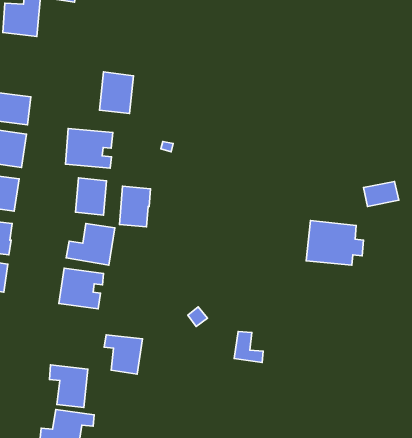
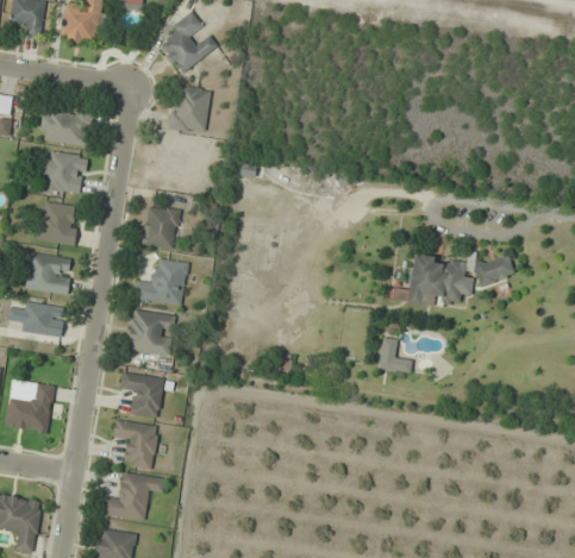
building: none -> [156,12,218,74]
building: [66,128,113,168] -> none
building: [363,181,399,206] -> [474,256,514,284]
building: [119,186,150,227] -> none
building: [234,331,263,363] -> [377,337,411,372]
building: [104,335,142,374] -> [120,372,164,418]

